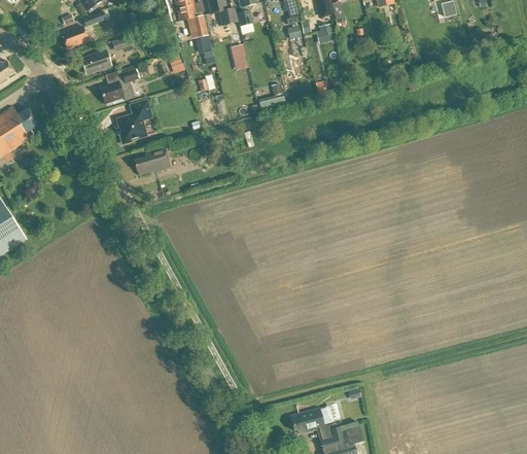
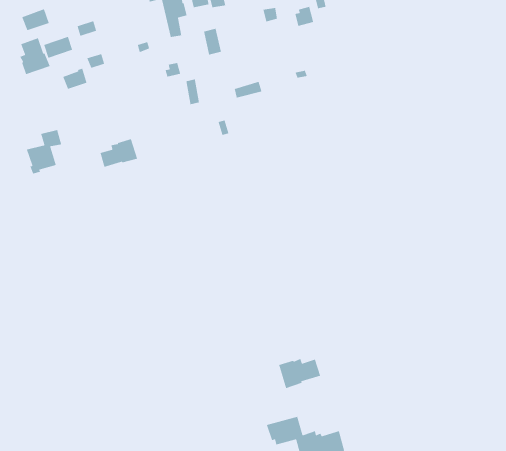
building: none -> [19,37,51,75]
building: [116,101,150,143] -> [26,129,62,174]
building: none -> [278,358,321,389]

